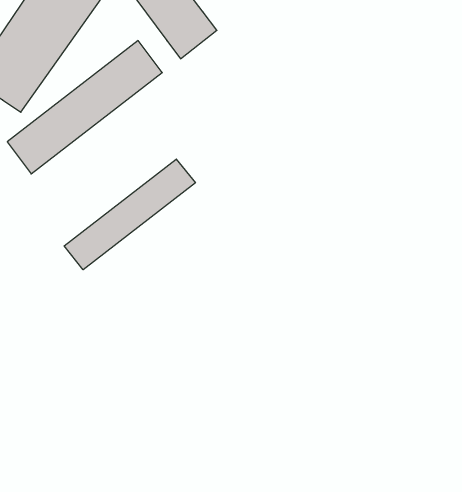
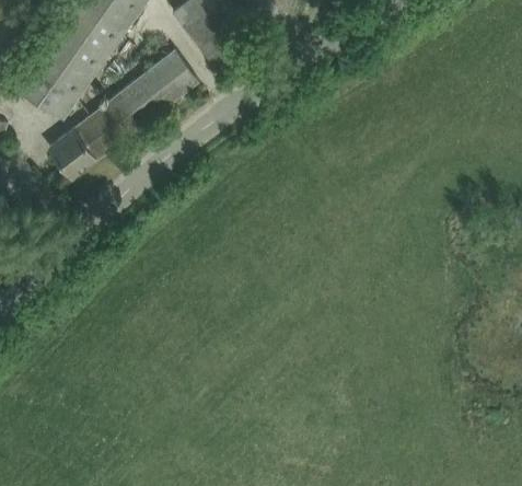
building: [64,159,195,270] -> none

